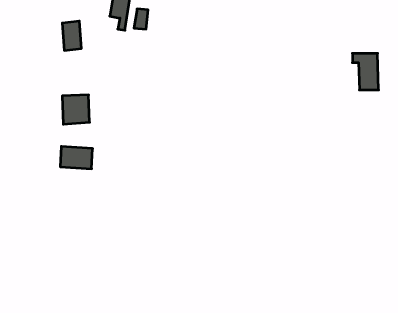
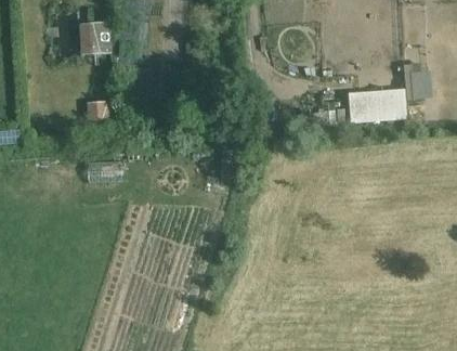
building: none -> [345,88,402,119]

